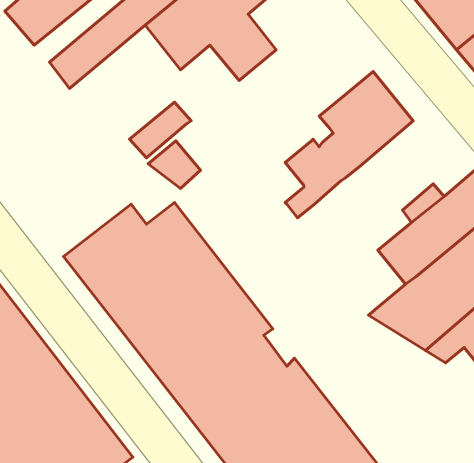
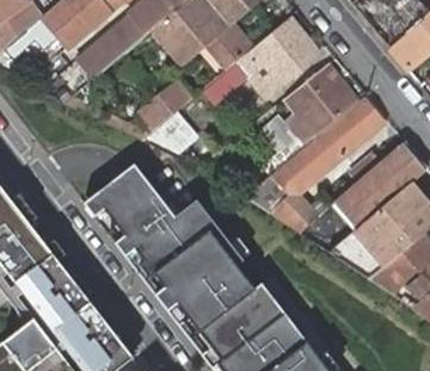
building: none -> [201,18,319,105]
building: none -> [245,97,382,233]

